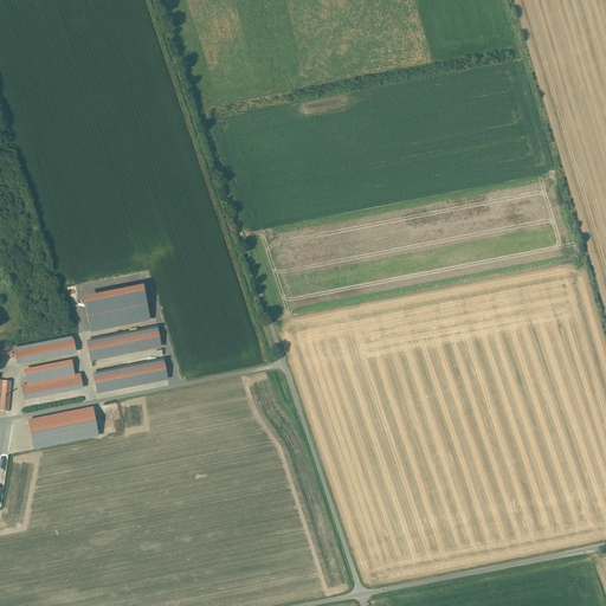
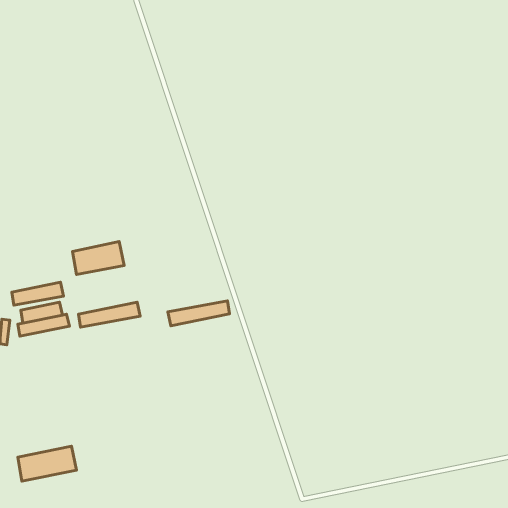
building: [86,328,160,357] -> [168,301,230,326]
building: [28,407,98,449] -> [18,446,77,481]

